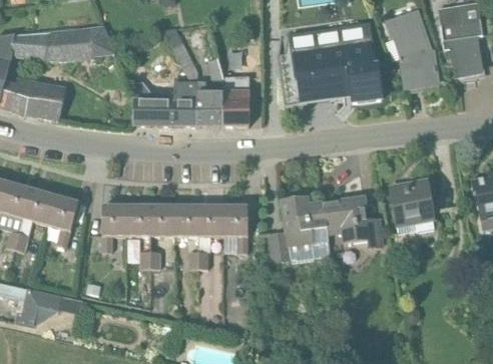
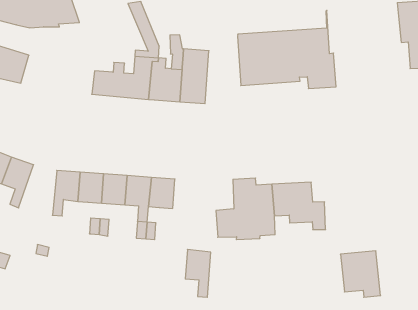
building: [387,11,437,86] -> none
building: [390,180,434,229] -> [340,251,381,297]
building: [223,205,248,252] -> [185,249,211,297]

